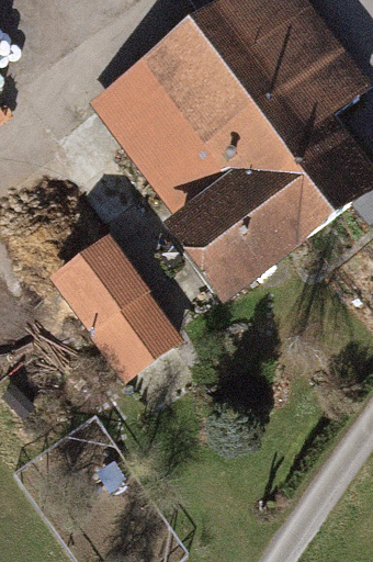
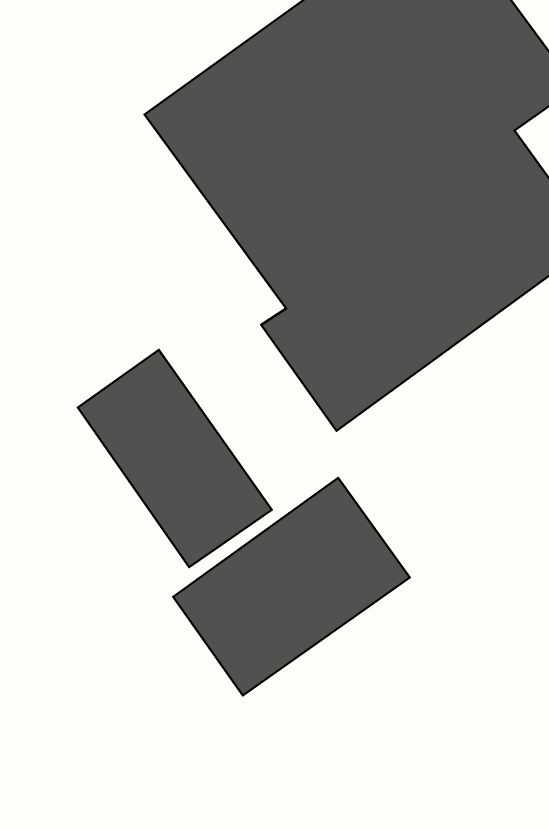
building: none -> [173,478,410,696]

